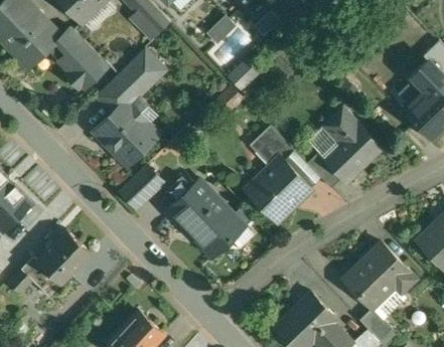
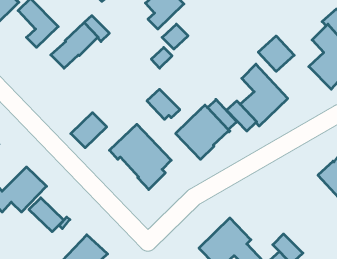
building: none -> [258,36,294,71]
building: [94,97,159,165] -> none
building: [255,126,294,162] -> [147,89,180,119]
building: [343,242,416,309] -> none
building: none -> [29,198,64,232]

